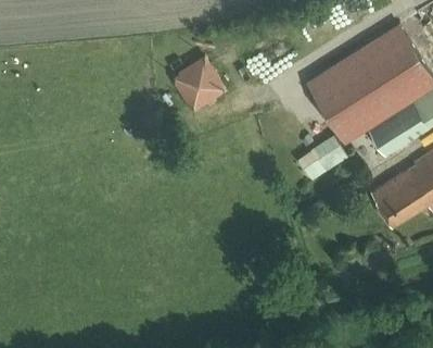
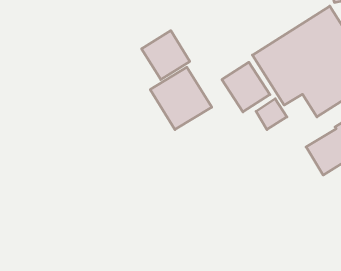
building: none -> [222,62,270,112]
building: none -> [150,67,212,130]

